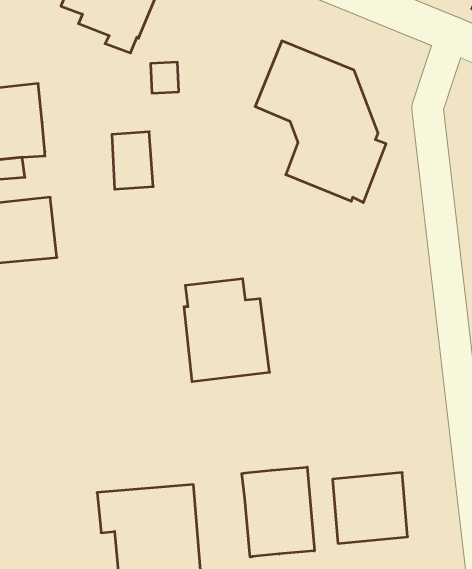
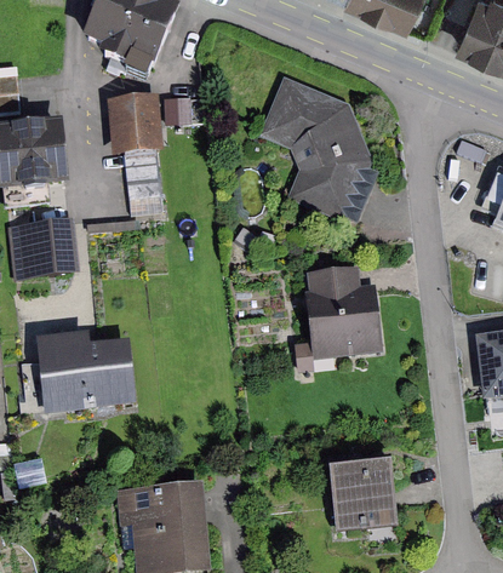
building: none -> [107,96,162,155]
building: [184,279,270,382] -> [304,264,382,357]
building: none -> [35,328,135,408]
building: [242,467,314,557] -> none

